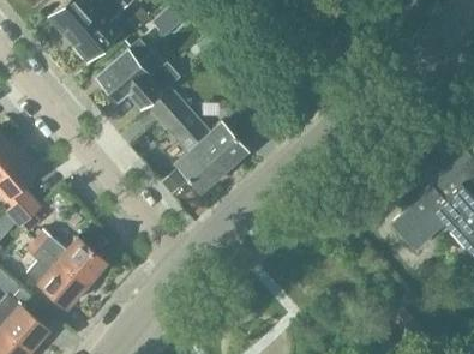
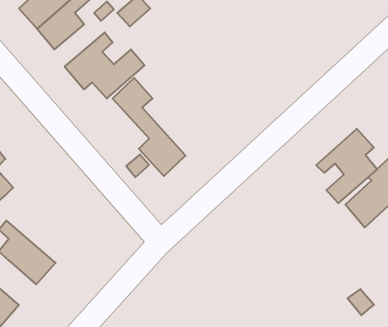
building: [178,113,246,173] -> none
building: none -> [316,129,377,203]
building: [35,230,106,286] -> none

